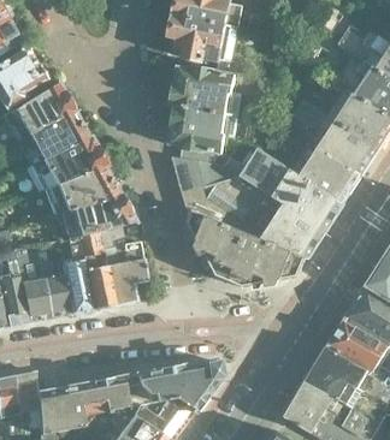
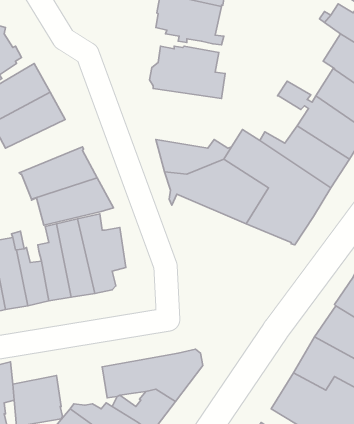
building: [167,106,237,163] -> none
building: [28,136,102,188] -> none
building: [189,208,308,287] -> none
building: [77,375,126,414] -> none

